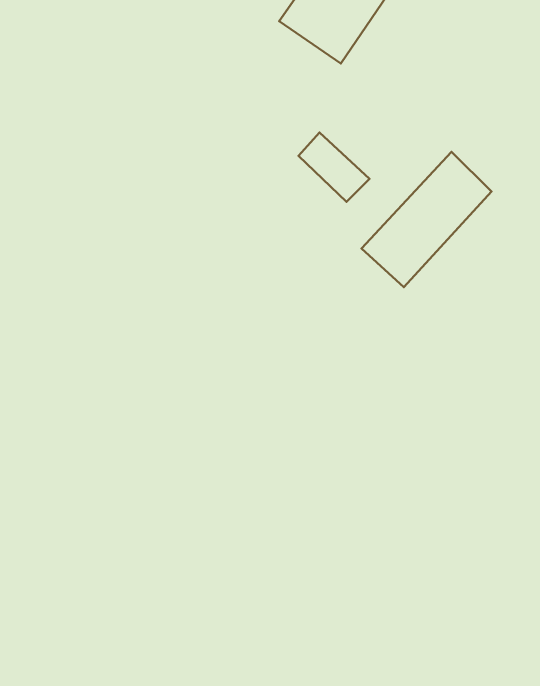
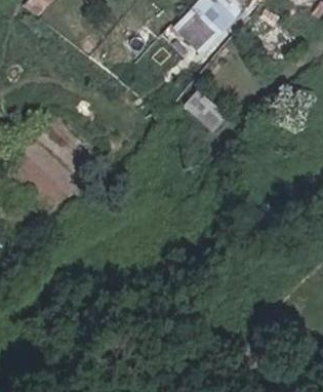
building: [362,152,492,287] -> none

